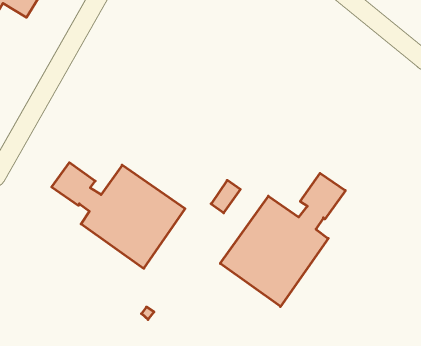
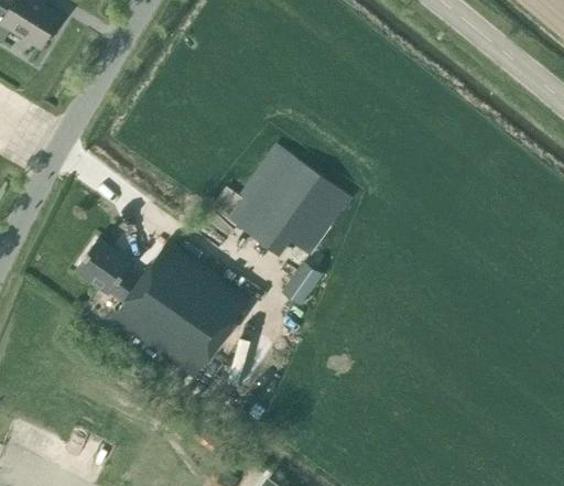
building: none -> [212,144,350,255]
building: [220,173,345,307] -> none

